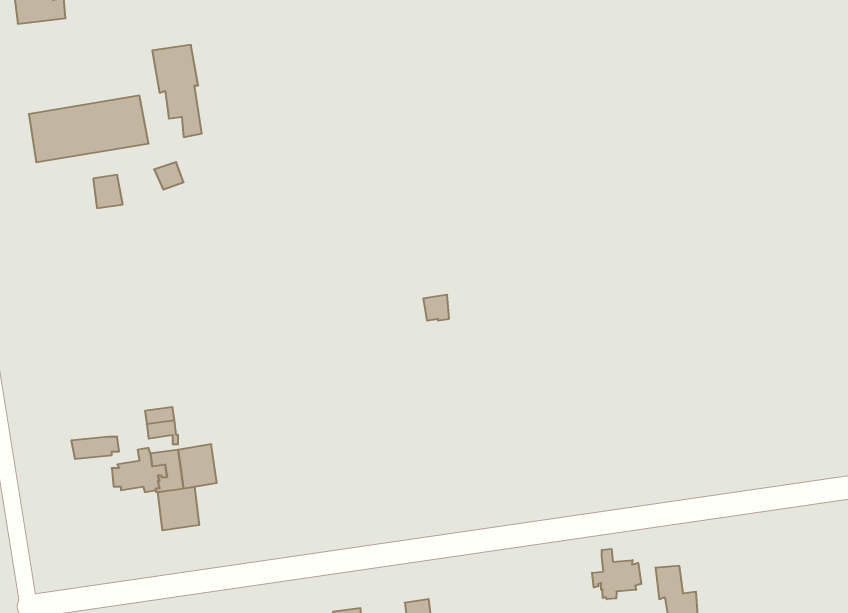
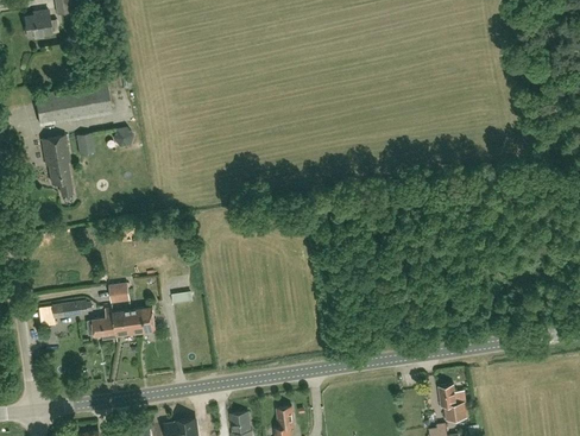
building: [152,45,202,137] -> [39,135,71,195]
building: [158,487,199,530] -> none
building: [592,549,641,599] -> none

